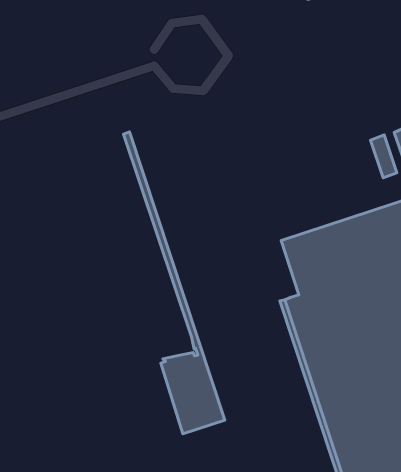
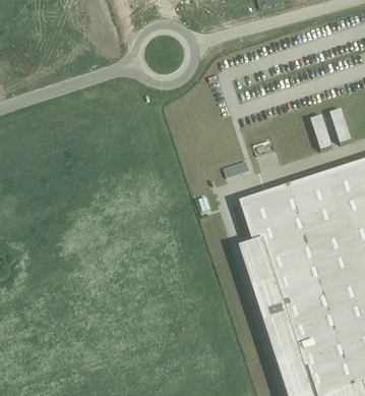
building: [123,132,225,434] -> none

